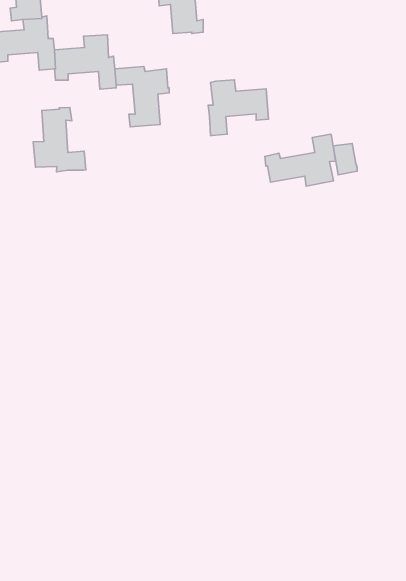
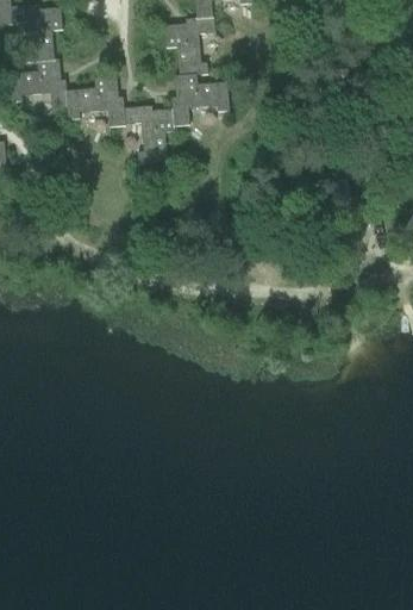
building: [208,80,269,135] -> [170,73,227,125]
building: [33,107,86,172] -> none
building: [265,134,335,186] -> none

